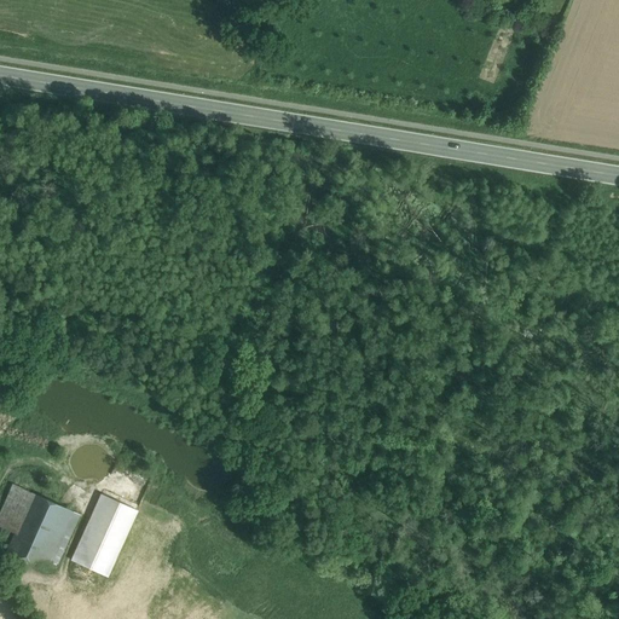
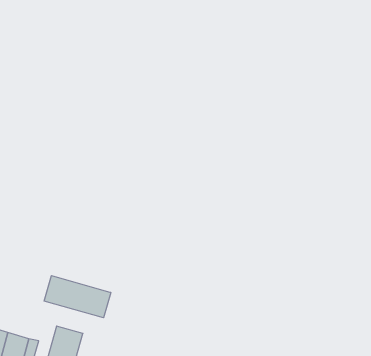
building: none -> [44,276,111,318]

